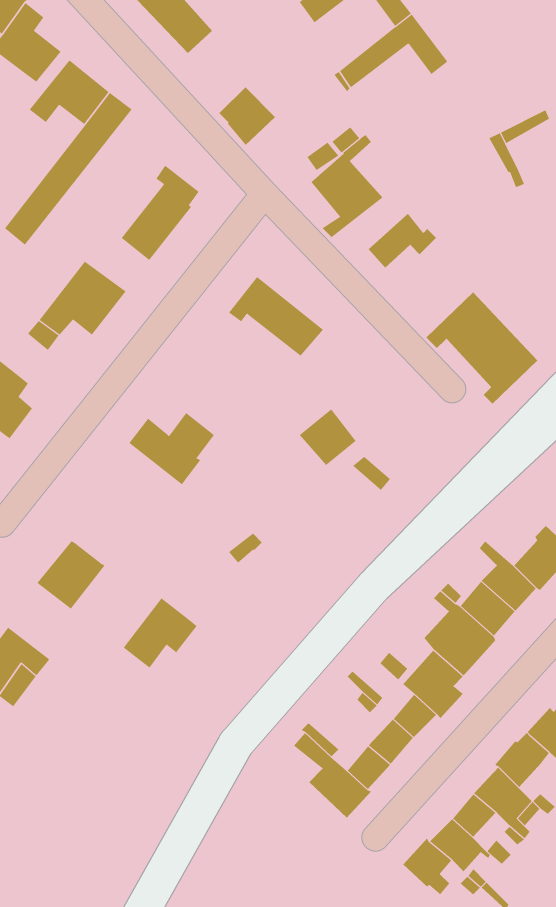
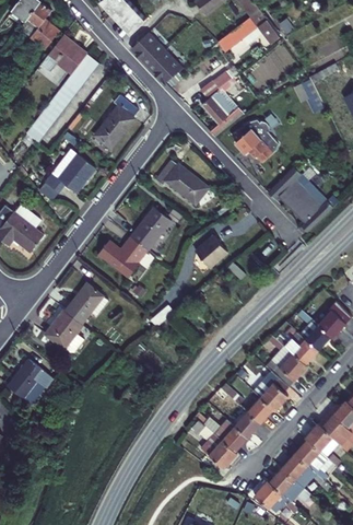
building: none -> [131,32,164,66]
building: none -> [130,207,169,249]
building: [123,598,198,668] -> [67,282,109,323]

